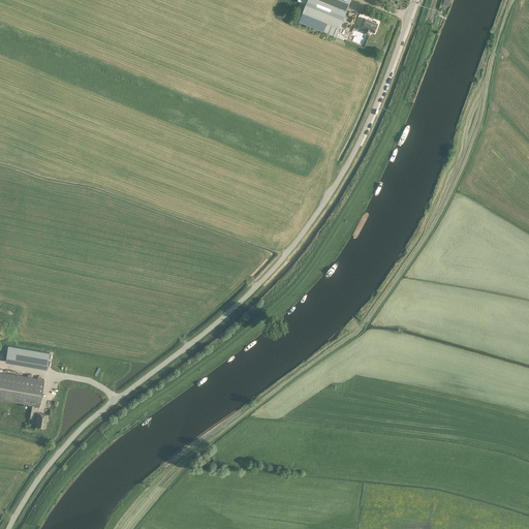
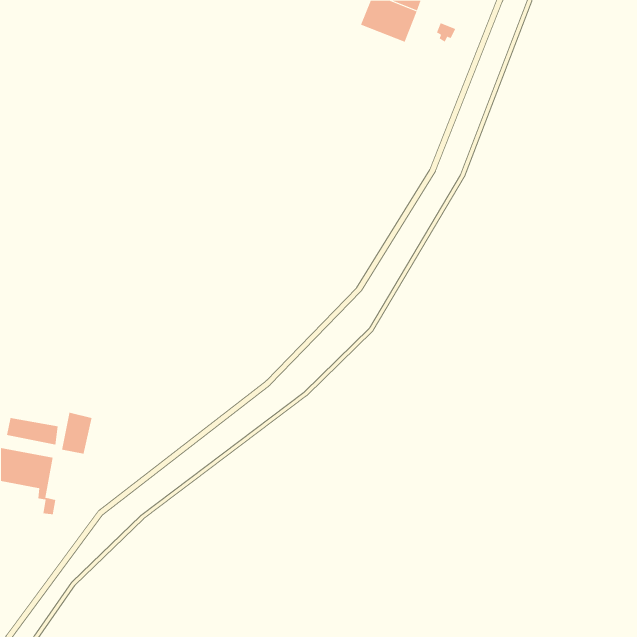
building: none -> [61,412,92,454]

